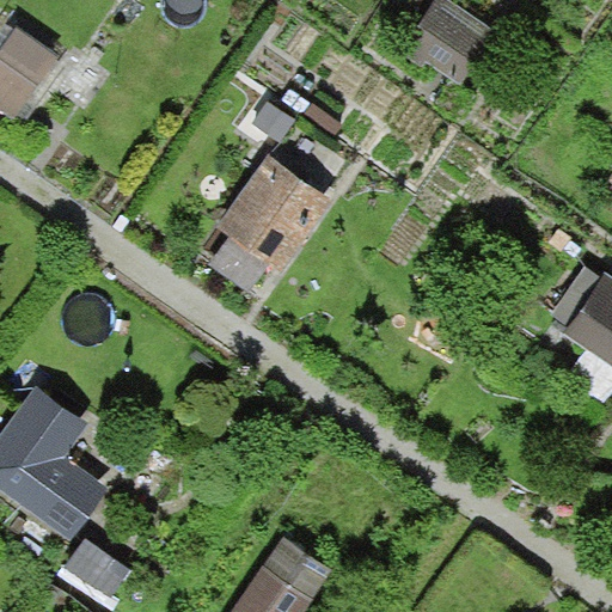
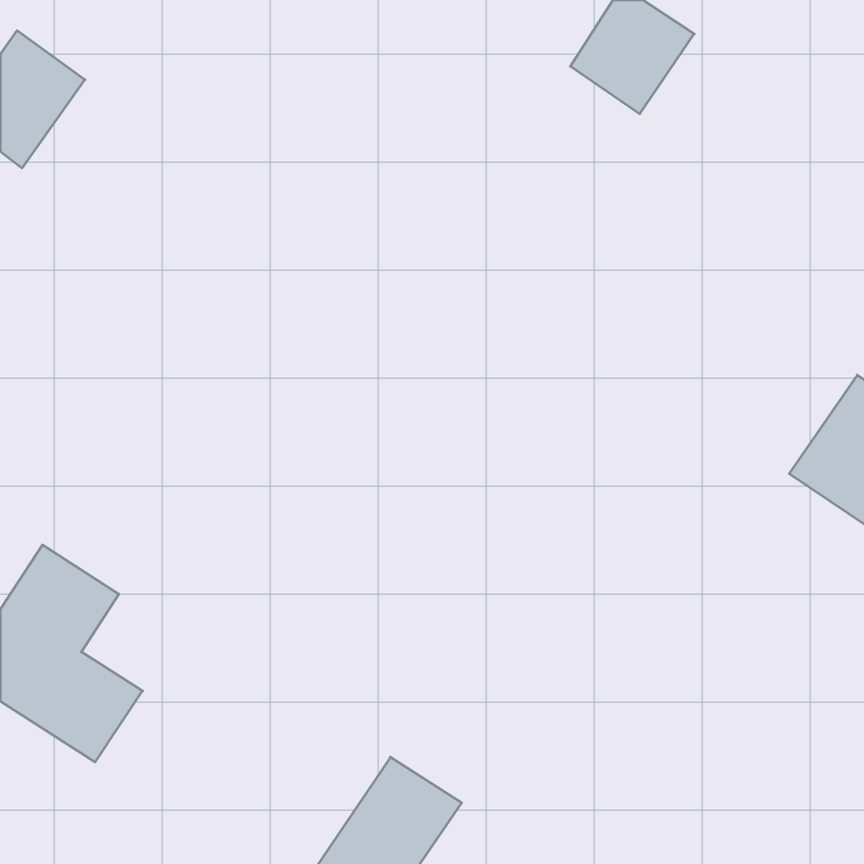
building: [214,154,333,277] -> none

